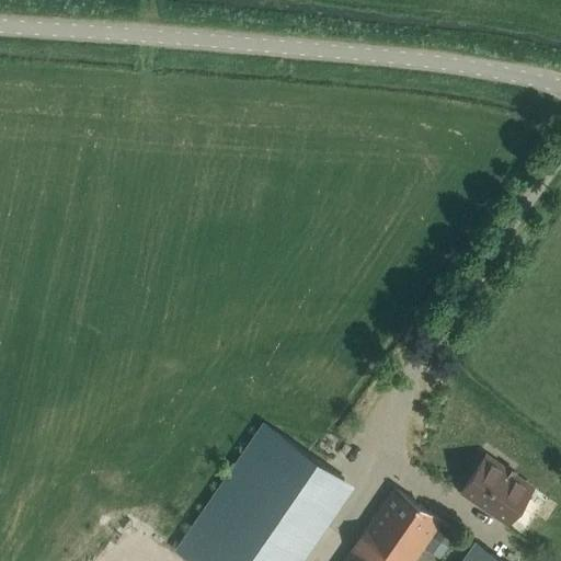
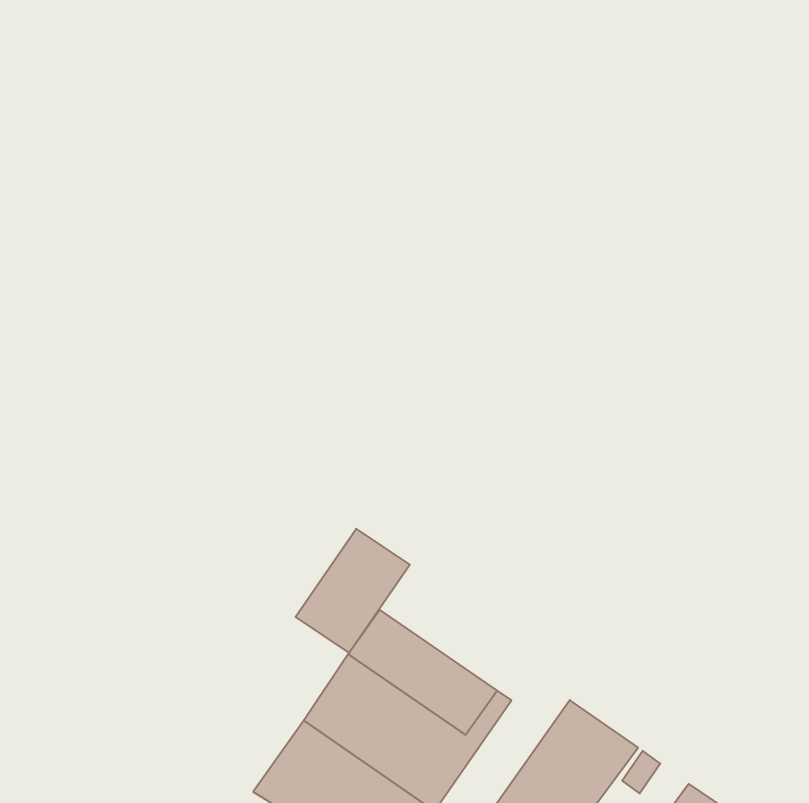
building: none -> [296,529,410,653]
building: [461,459,533,526] -> none

